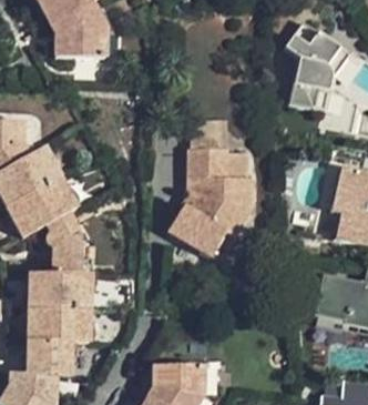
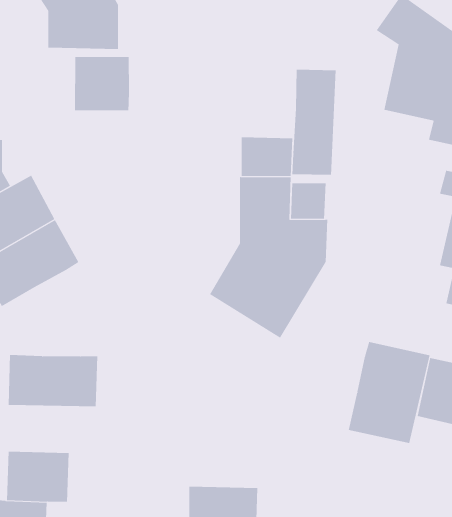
building: none -> [74,56,130,111]
building: none -> [292,69,336,176]
building: [47,213,80,273] -> none
building: none -> [348,341,430,444]
building: [28,307,90,341] -> none

